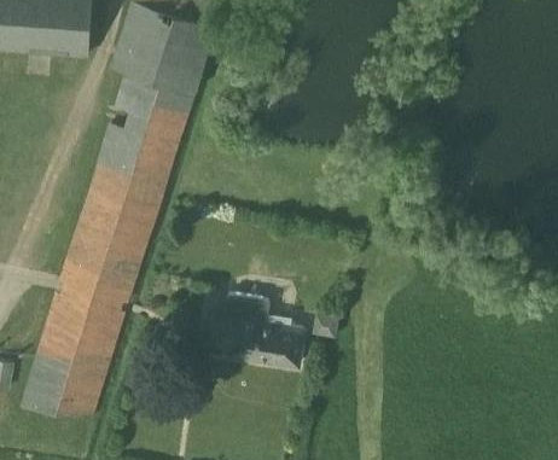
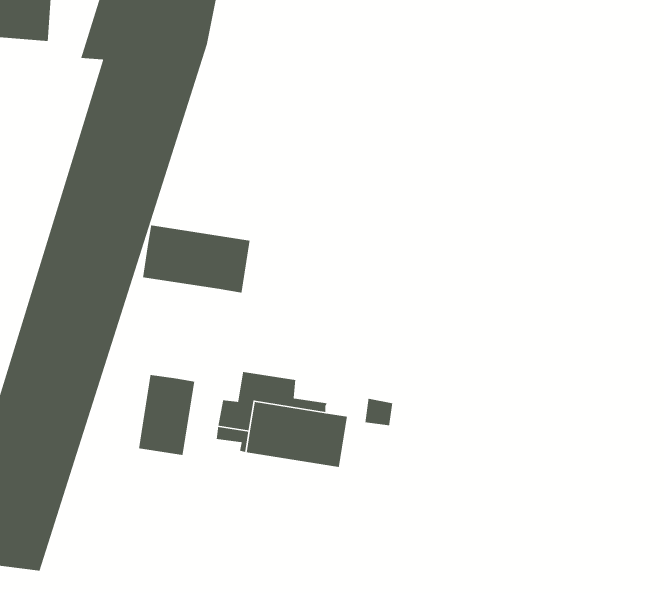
building: none -> [142,225,250,293]
building: none -> [138,374,195,456]

